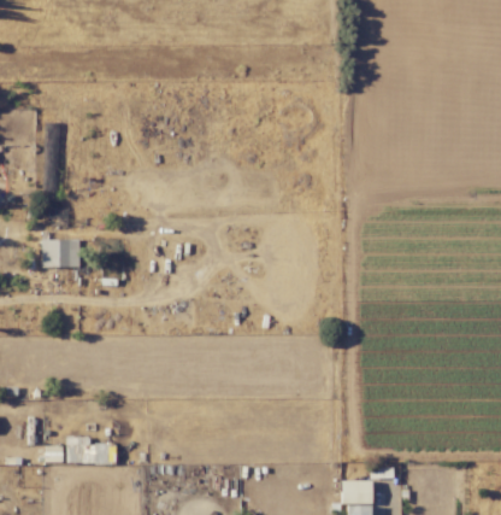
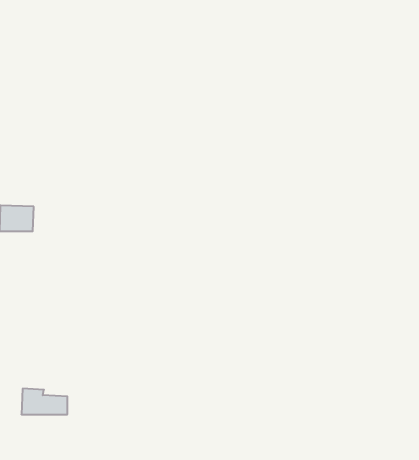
building: [340,481,371,503] -> none

